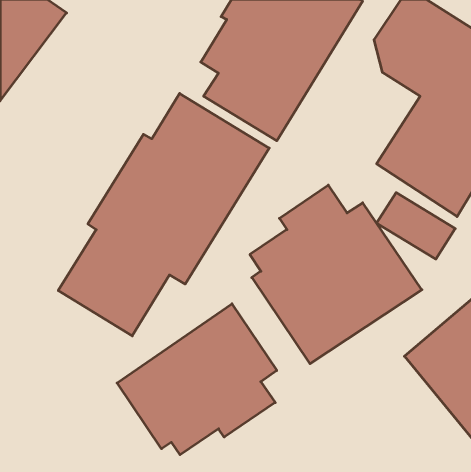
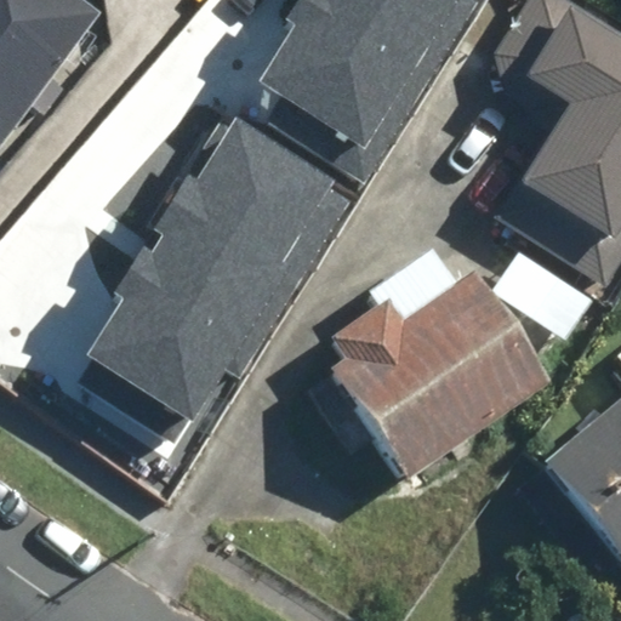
building: [117,304,277,455] -> none

